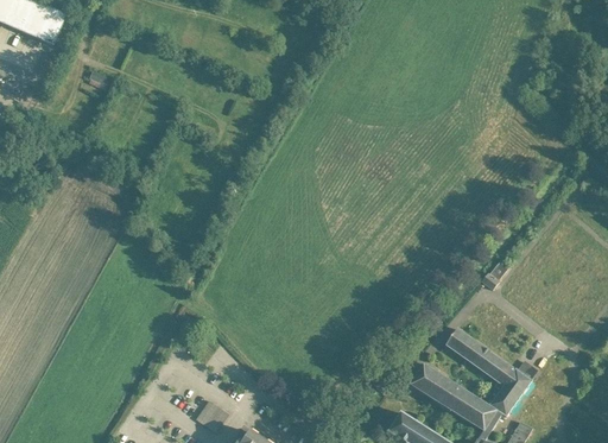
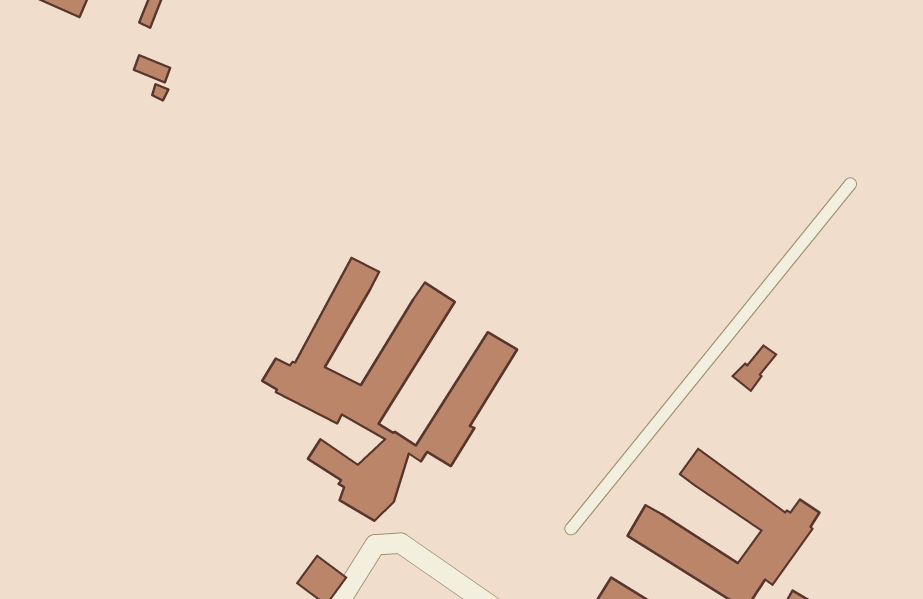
building: none -> [262,258,517,521]

